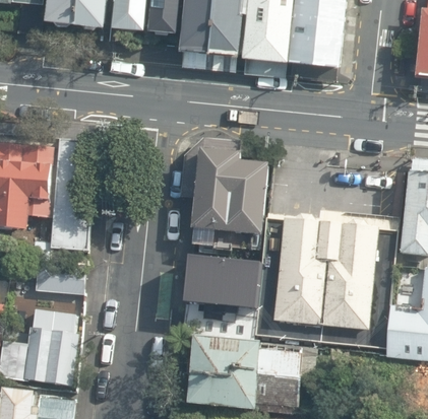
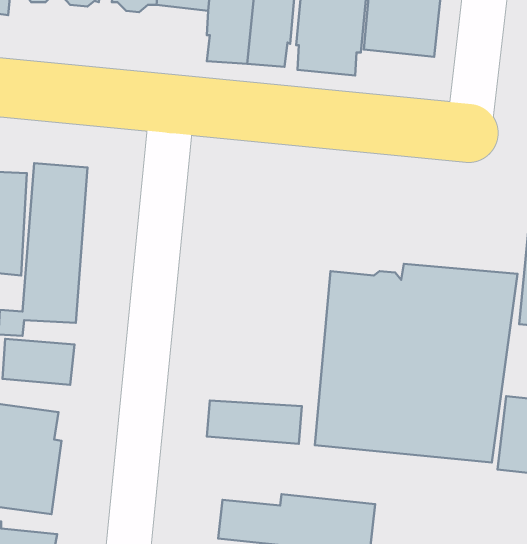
building: [179,137,268,250] -> none
building: [179,258,252,308] -> none
building: [186,338,319,380] -> none

